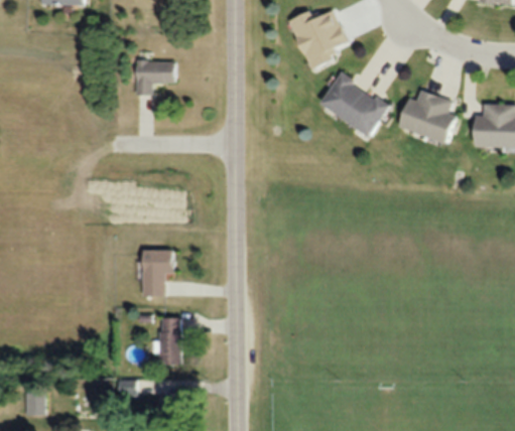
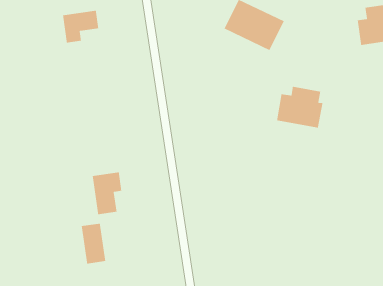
building: [396,91,454,144] -> [276,86,324,129]
building: [159,317,182,363] -> [81,223,106,264]

